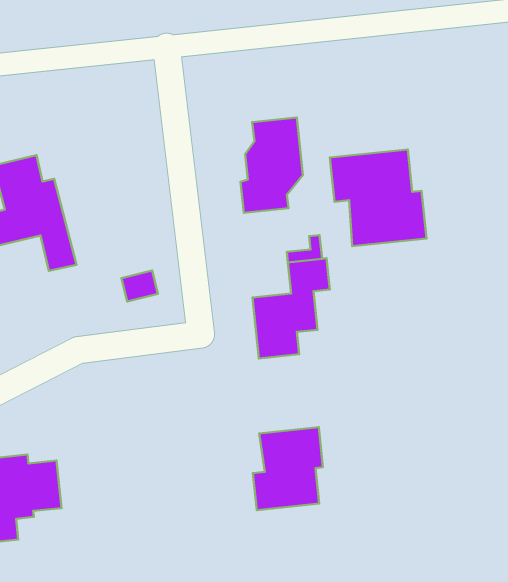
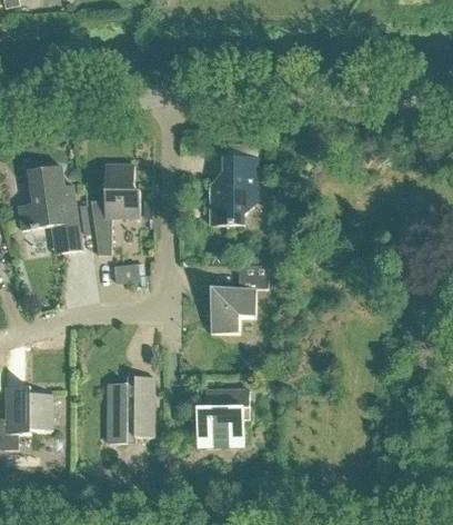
building: none -> [90,164,140,254]
building: [330,149,426,246] -> none
building: none -> [108,376,154,442]

